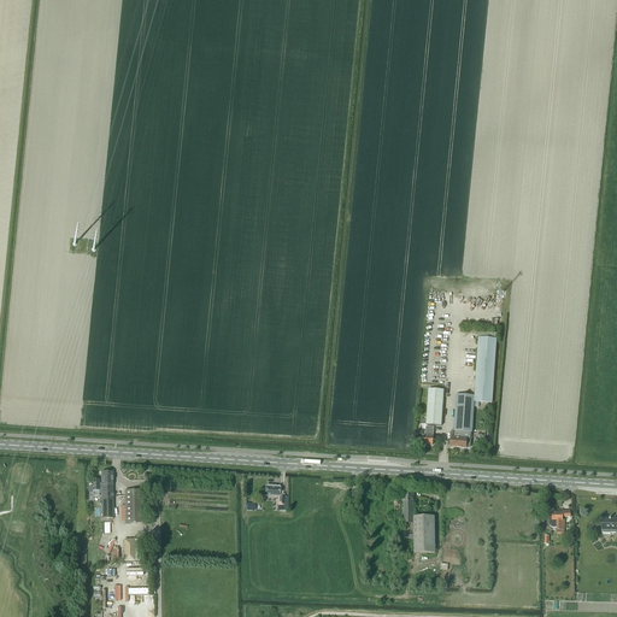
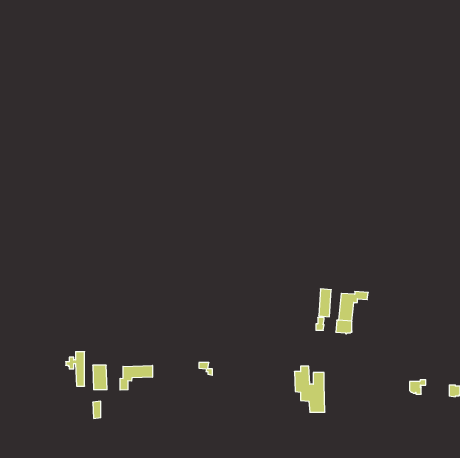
building: [475,336,496,392] -> none
building: none -> [120,365,152,390]

